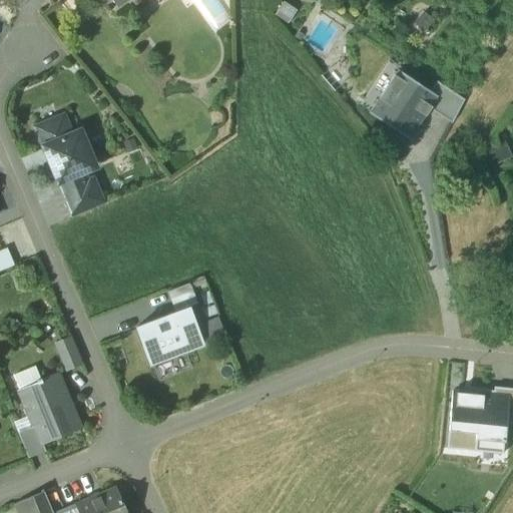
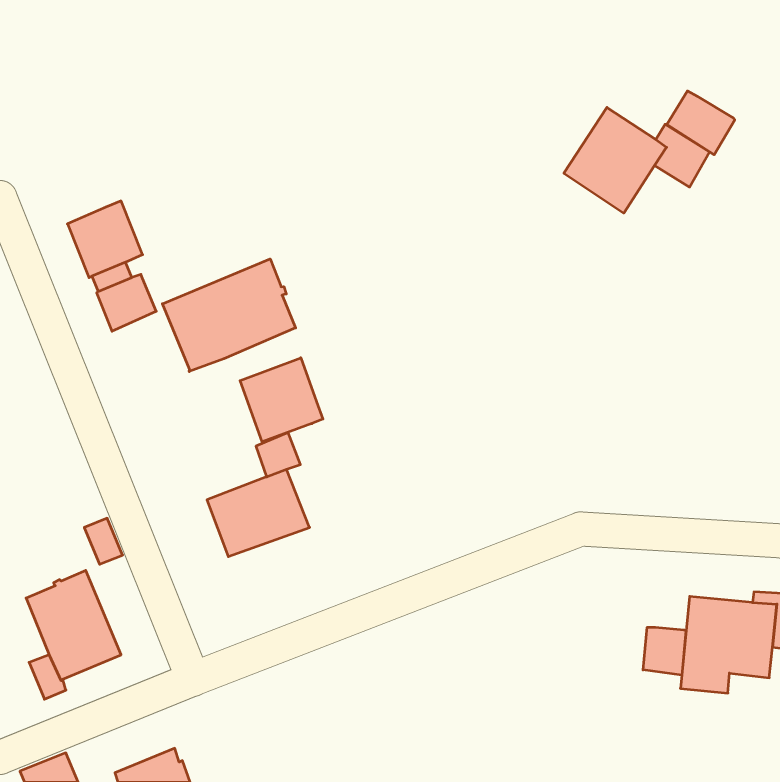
building: none -> [667,91,735,155]
building: [38,117,71,146] -> none
building: none -> [162,259,296,372]
building: none -> [240,358,323,442]
building: none -> [643,627,686,675]

